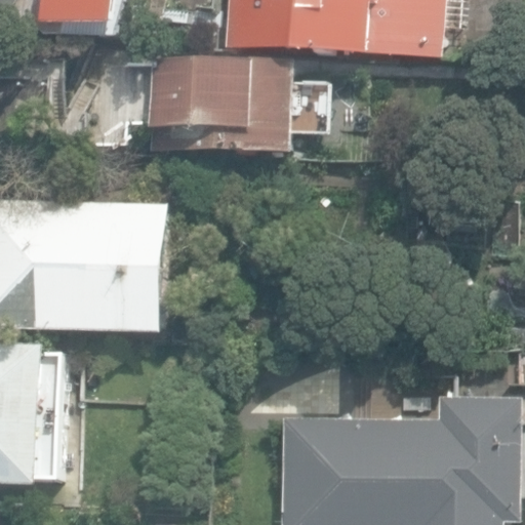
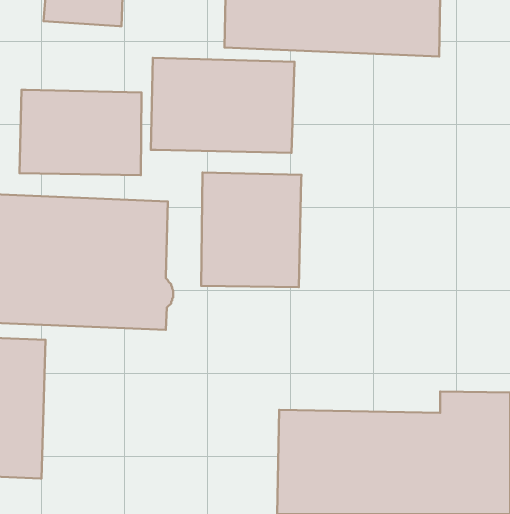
building: none -> [20,90,142,175]
building: none -> [201,173,301,287]

